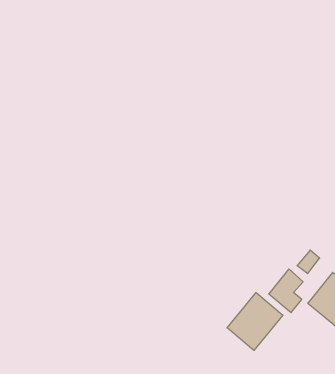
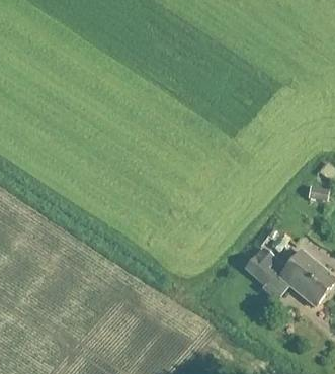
building: [227,293,283,350] -> none

